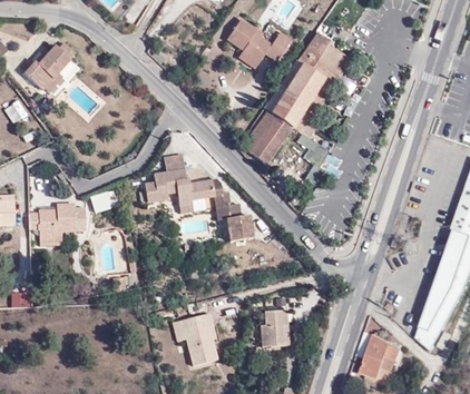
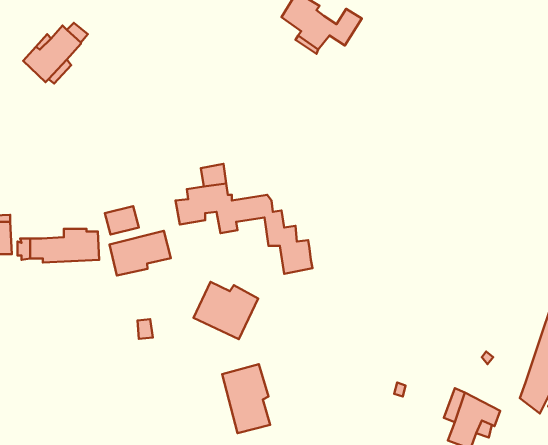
building: [242,31,349,162] -> none
building: none -> [109,231,171,275]
building: none -> [193,282,258,339]
building: [261,311,287,346] -> none

